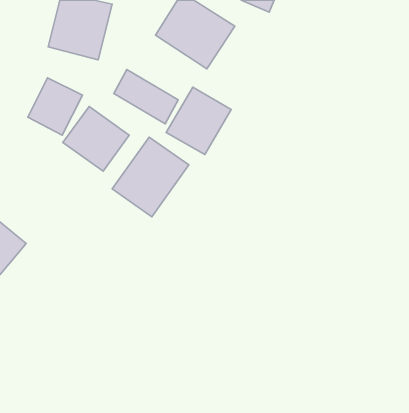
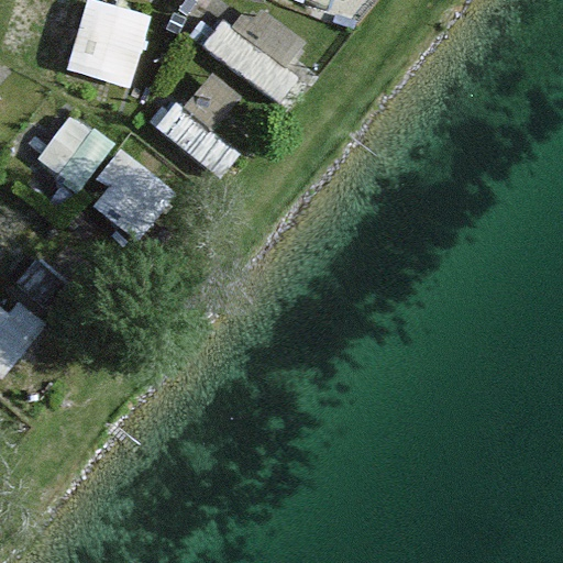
building: [166,87,231,155] -> none
building: [112,137,189,217] -> none

